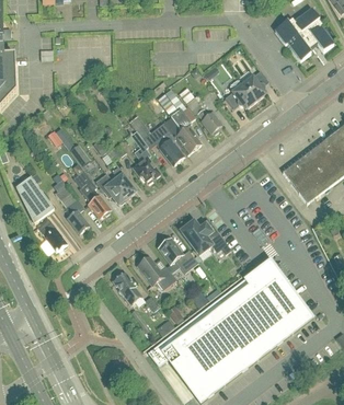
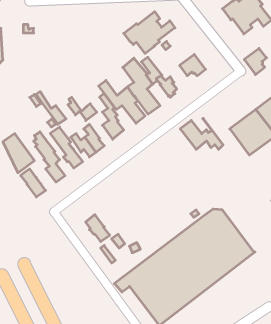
building: none -> [124,12,175,53]
building: [241,70,267,101] -> [244,48,267,75]
building: [180,218,230,254] -> [180,119,223,149]
building: [158,238,197,271] -> none
building: [137,255,175,289] -> none

